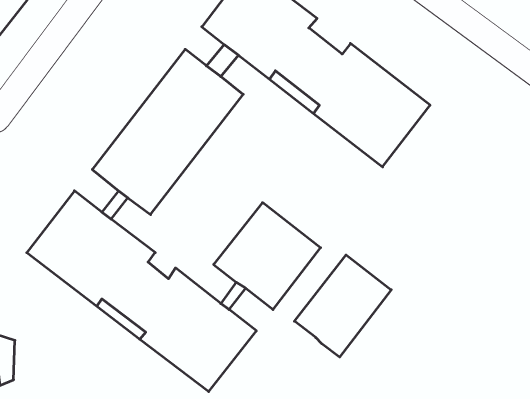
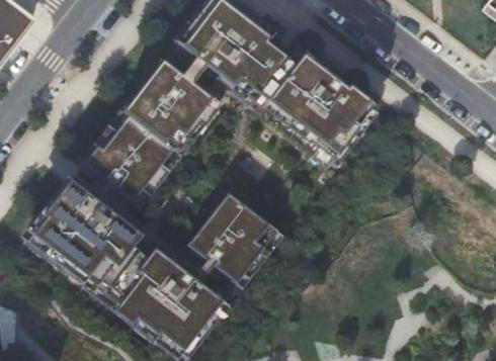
building: [294,255,391,357] -> none

